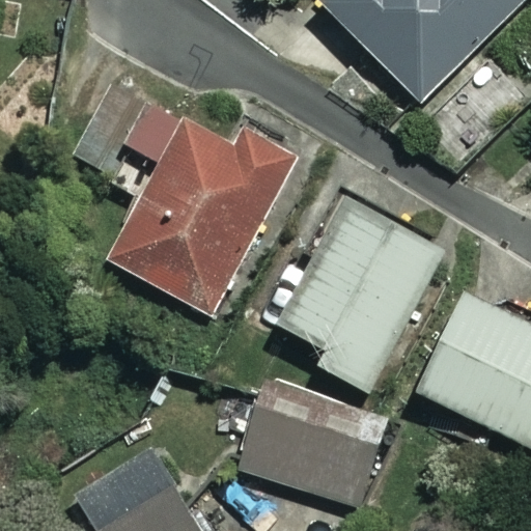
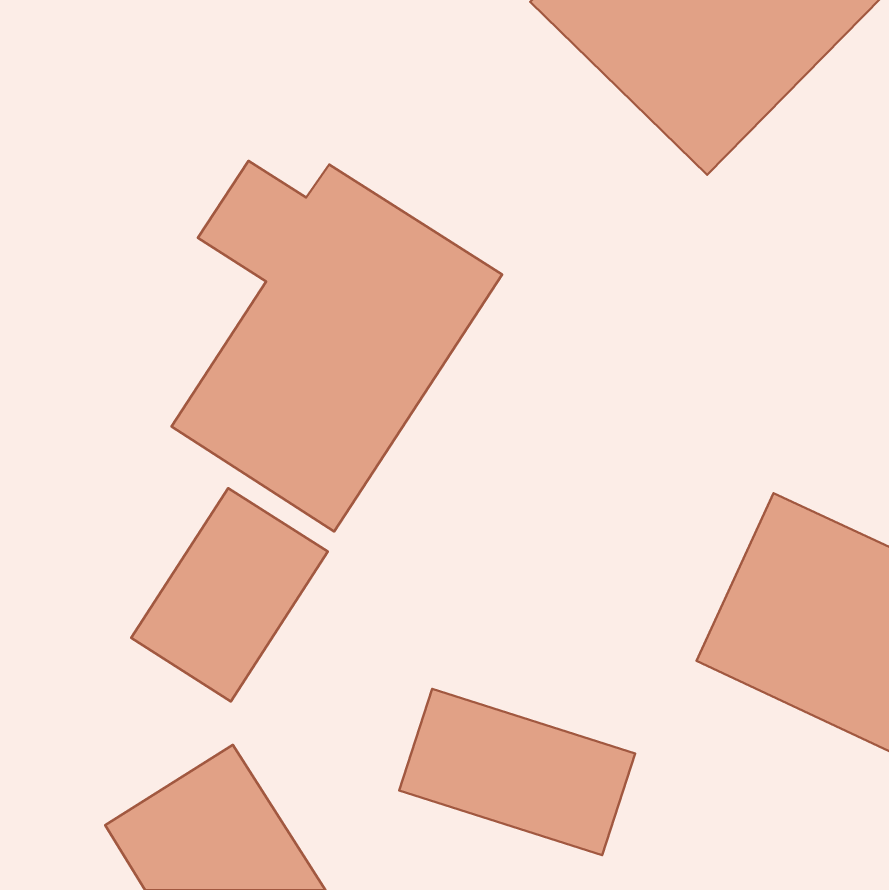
building: [283,202,439,391] -> none
building: none -> [131,488,328,701]

